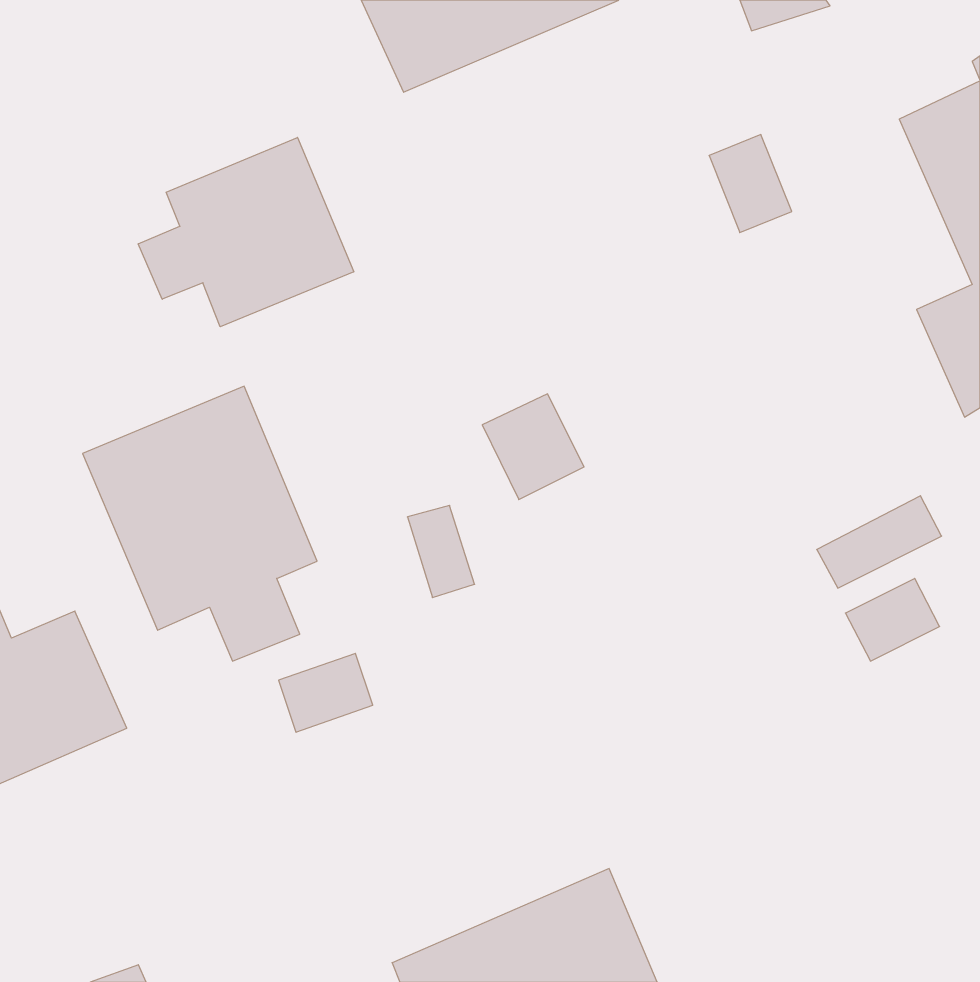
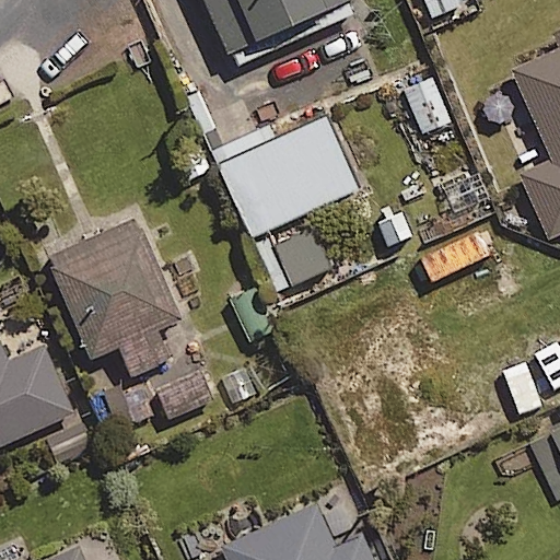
building: [138,137,354,327] -> none
building: none -> [220,105,363,236]

